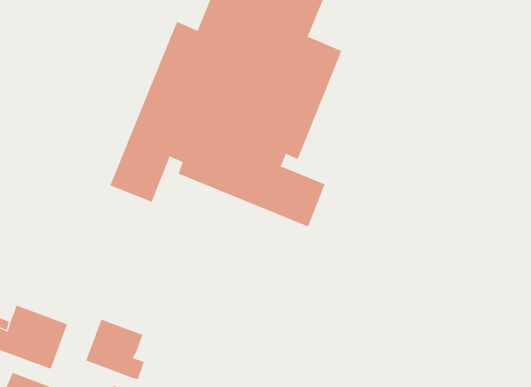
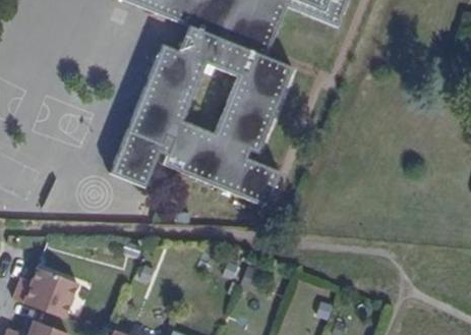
building: [86,319,144,380] -> none

